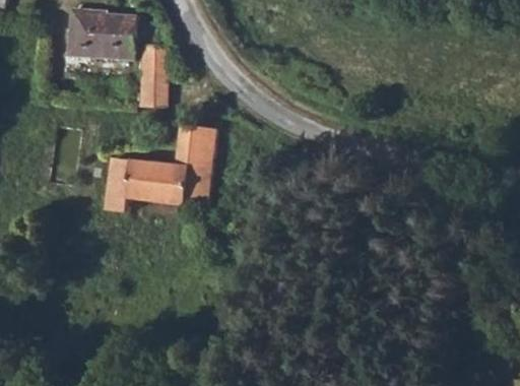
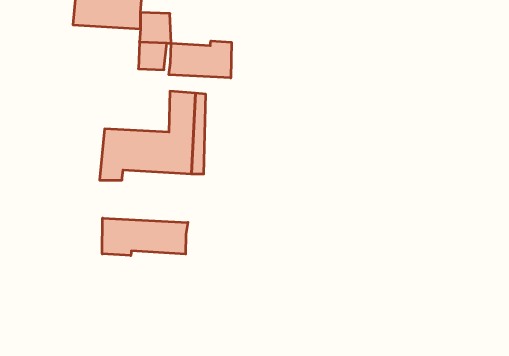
building: none -> [169,41,231,78]
building: none -> [102,218,188,256]

